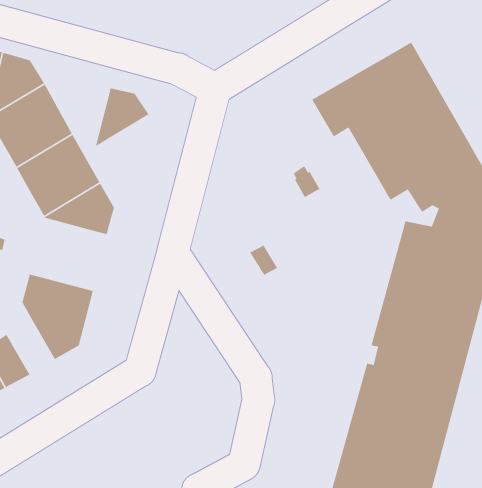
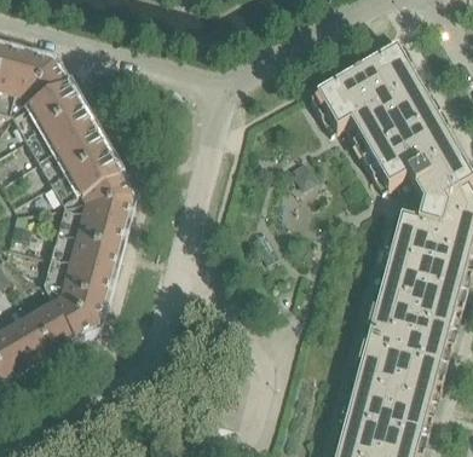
building: [95,88,149,148] -> none
building: none -> [52,204,123,271]
building: none -> [31,299,75,348]

